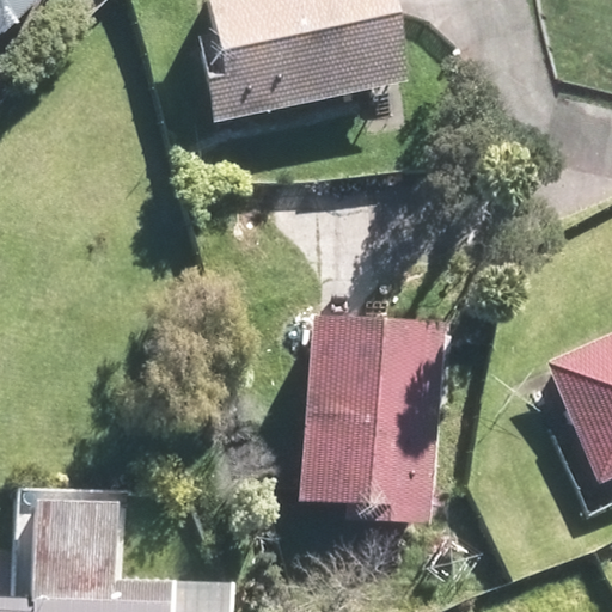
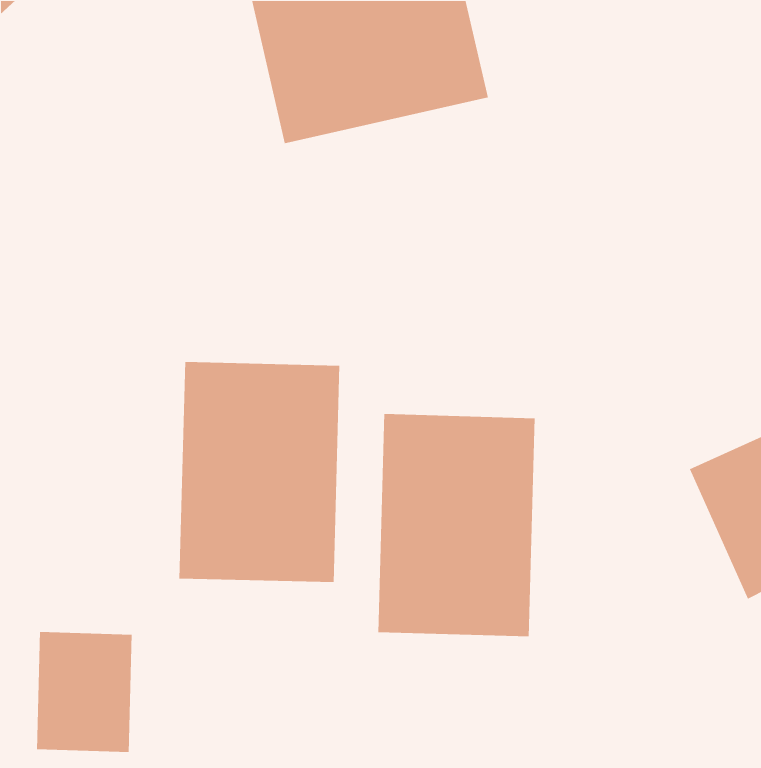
building: none -> [179,361,340,583]

